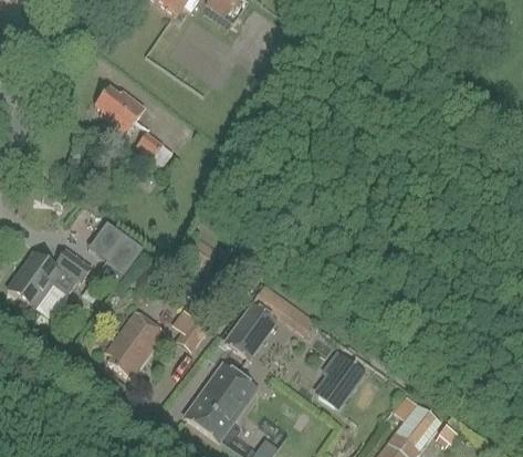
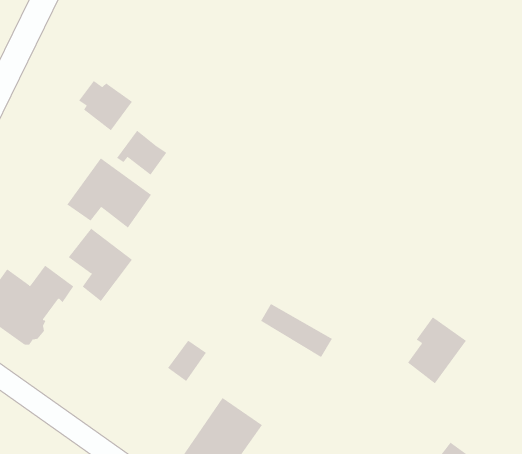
building: none -> [66,158,152,228]
building: [224,300,281,360] -> none
building: [105,311,163,376] -> none
building: [313,349,365,407] -> [407,317,467,384]

